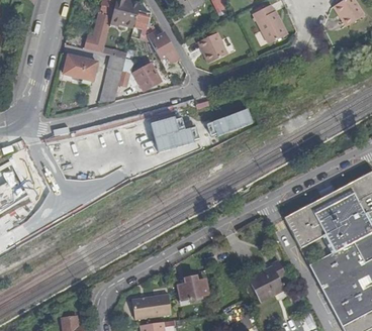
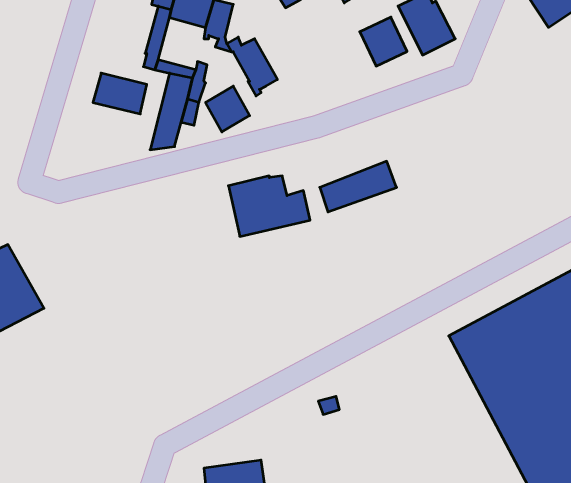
building: [198,32,227,63] -> [360,17,407,66]
building: [249,260,286,301] -> none
building: [178,275,208,302] -> none

